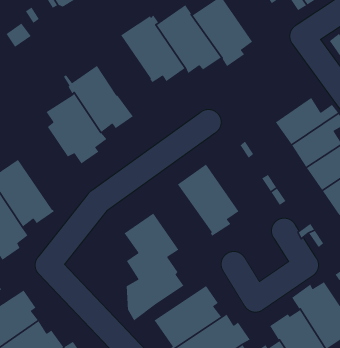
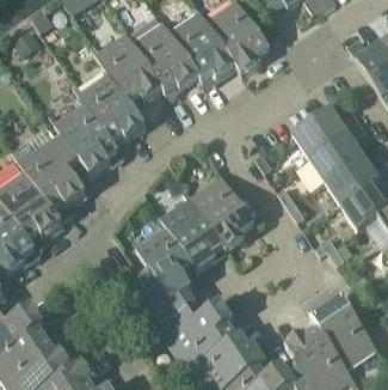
building: none -> [90,32,162,104]
building: none -> [13,138,87,224]
building: none -> [159,189,226,273]

